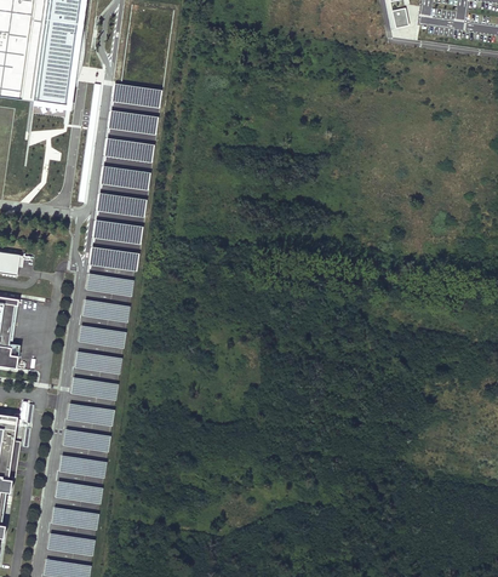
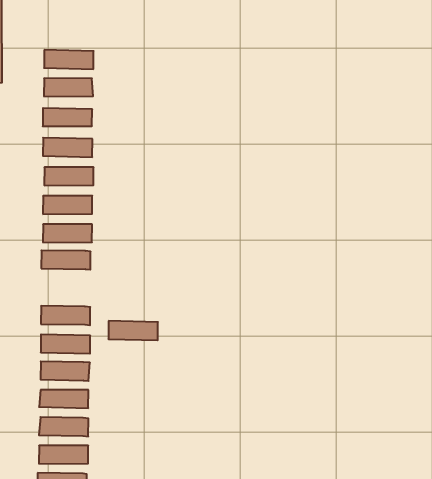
building: [81,299,130,324] -> [108,321,158,340]

